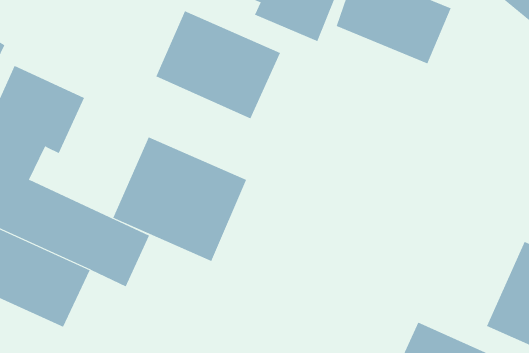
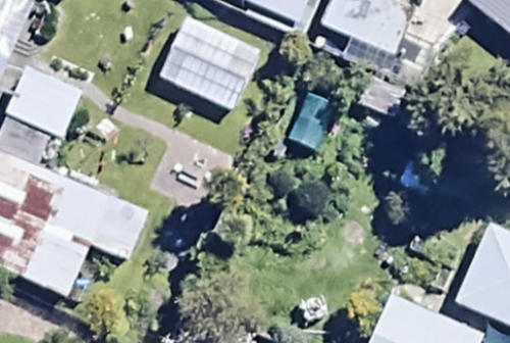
building: [112,137,247,262] -> none

